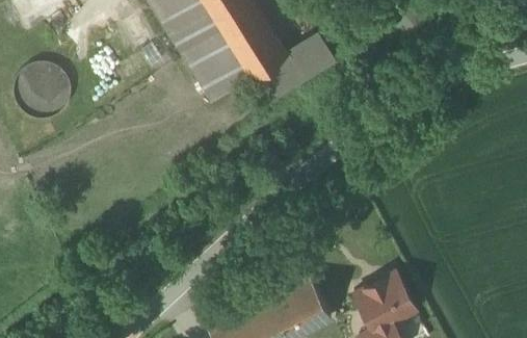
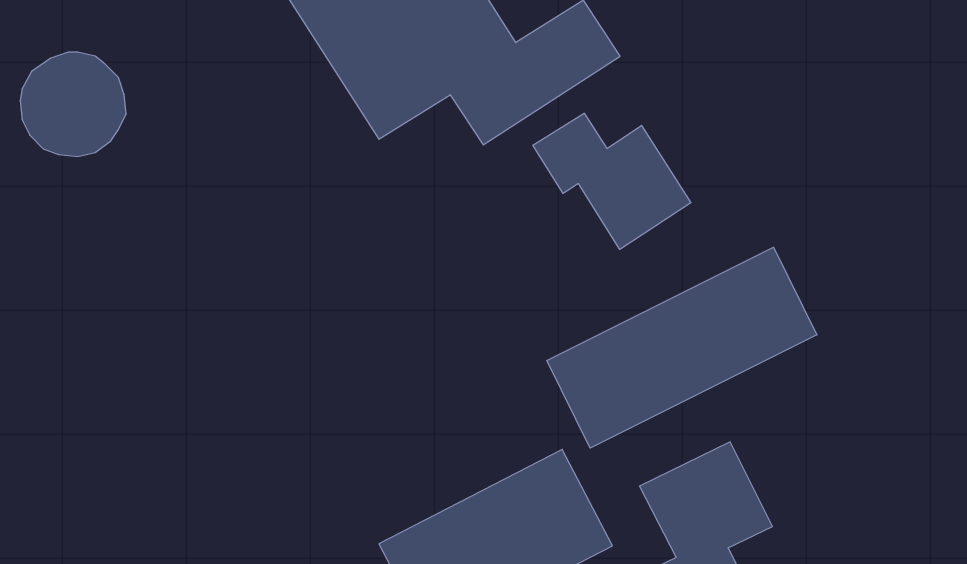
building: none -> [533,113,691,249]
building: none -> [547,247,817,448]

